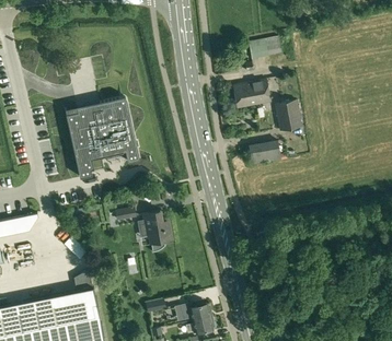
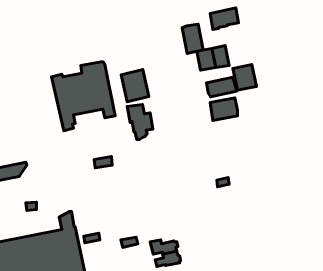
building: none -> [182,24,203,54]
building: none -> [121,70,149,102]
building: none -> [207,77,237,97]
building: [142,212,172,252] -> [127,104,153,140]

